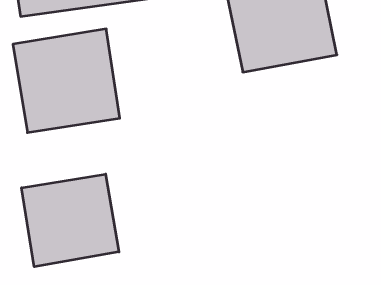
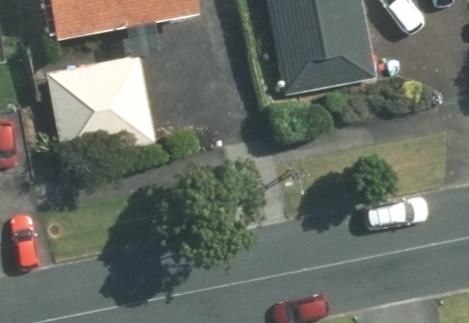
building: [22,174,119,267] -> none

